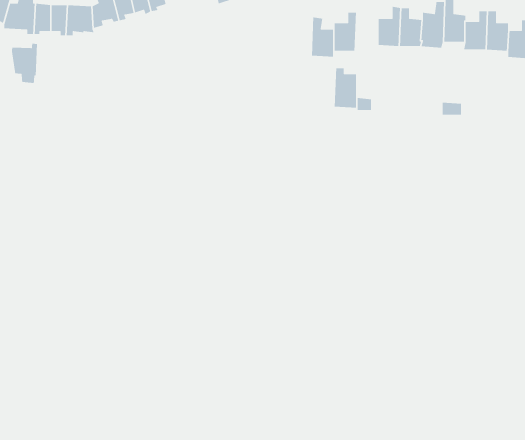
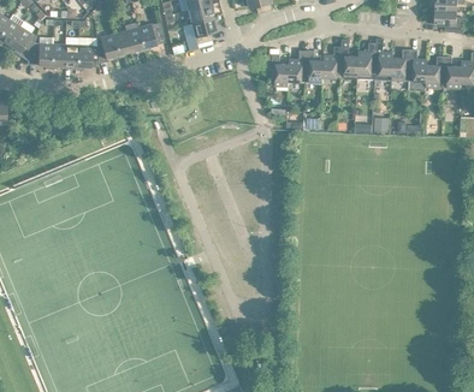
building: [11,43,38,84] -> none
building: [334,67,357,109] -> [303,51,321,83]

